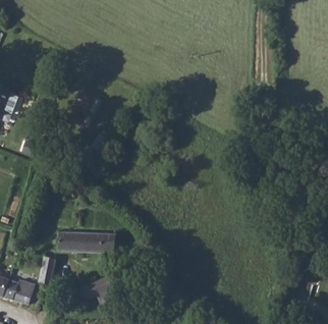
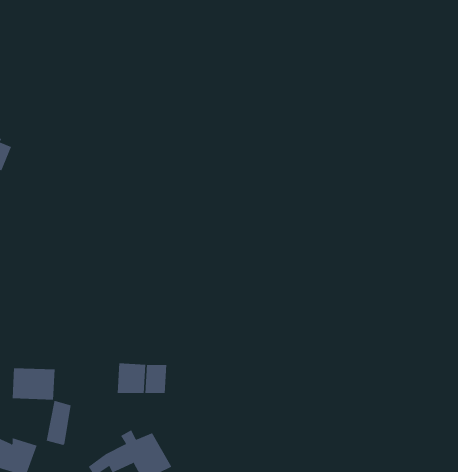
building: [57,231,85,252] -> [12,368,55,400]

